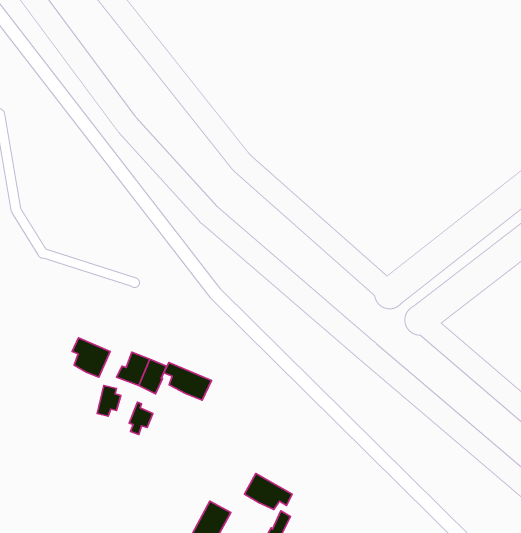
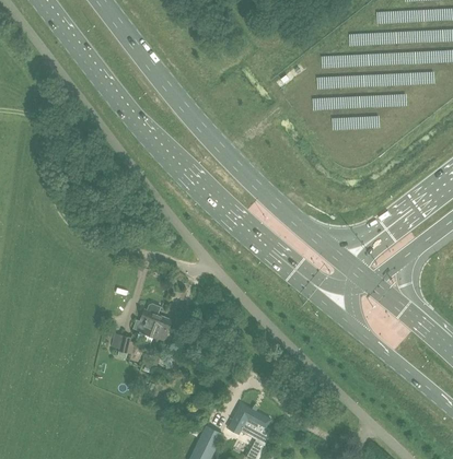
building: [72,338,110,377] -> none
building: [164,362,212,400] -> none

